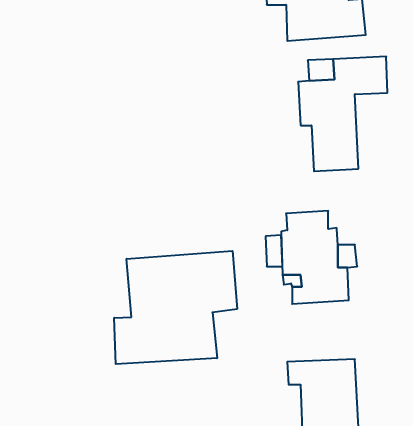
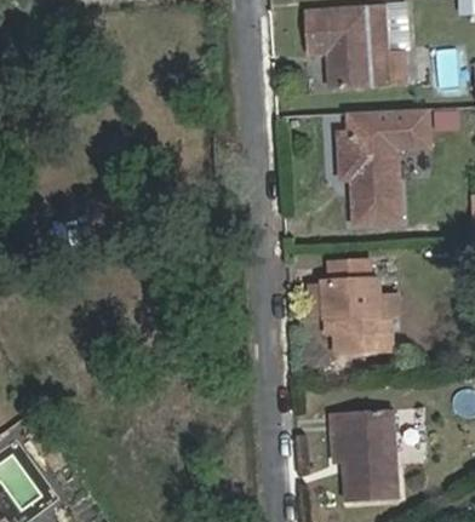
building: [114,251,237,364] -> none

